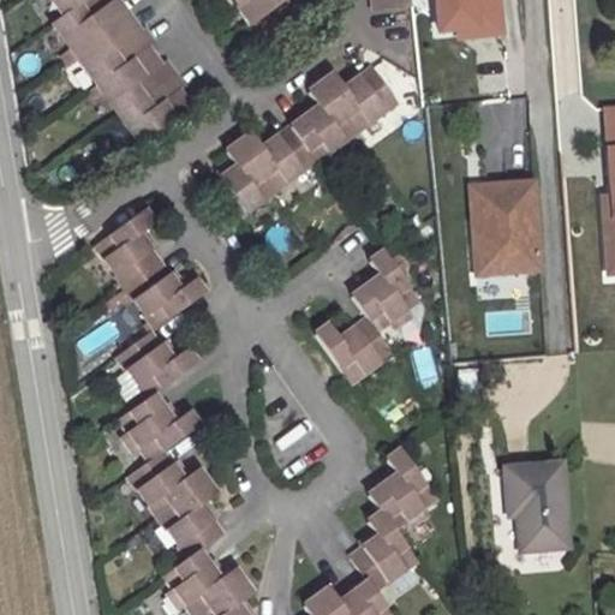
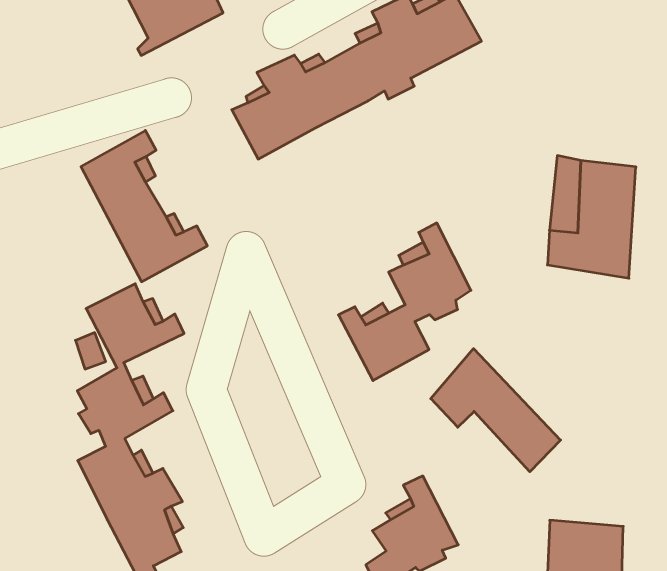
building: none -> [431,349,561,472]

